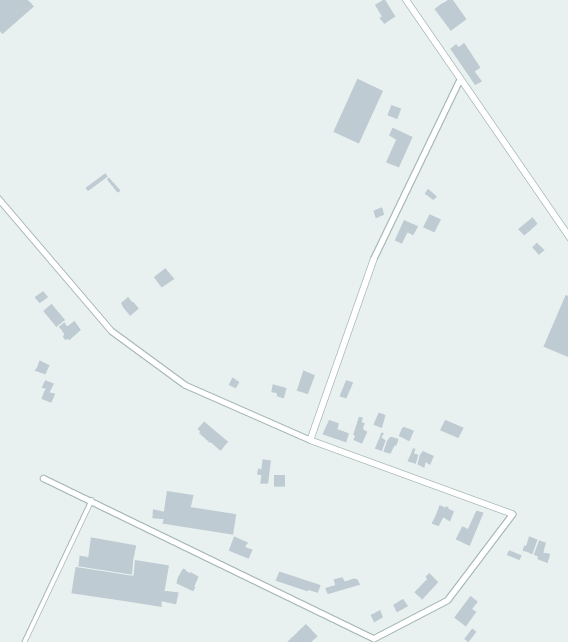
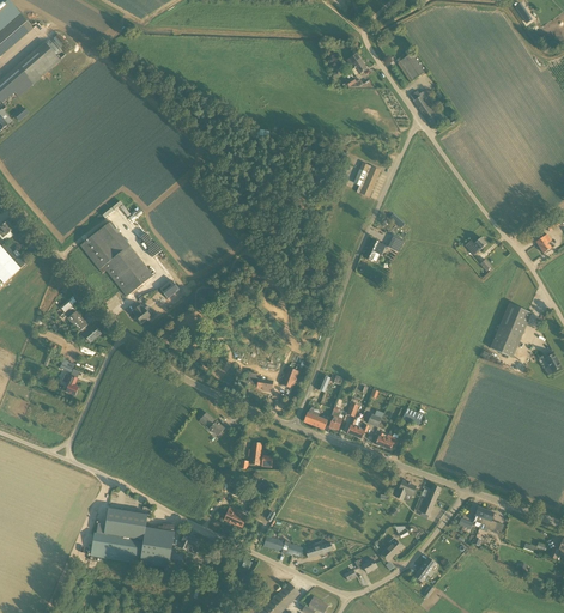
building: [333,78,384,145] -> none
building: none -> [79,220,152,295]
building: [152,490,237,535] -> none

